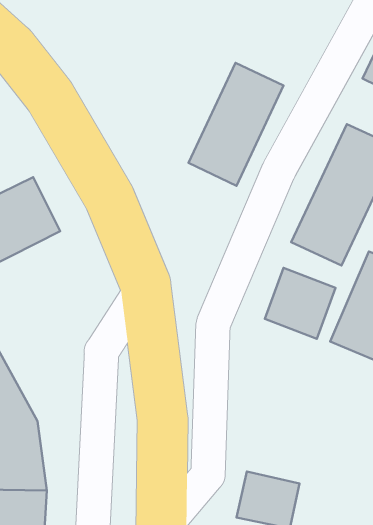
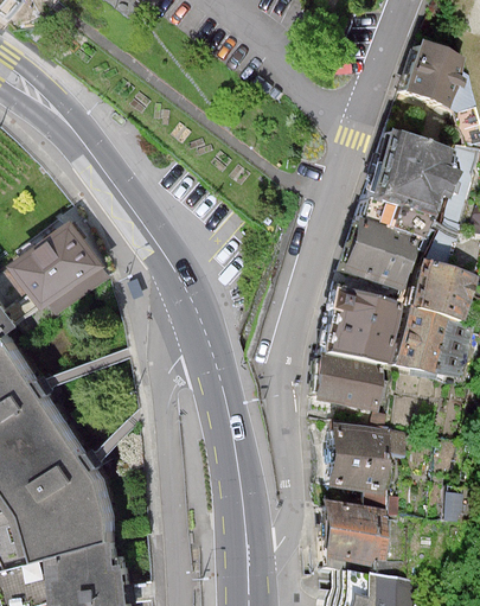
building: [188,63,284,186] -> none
building: none -> [316,358,380,408]
building: none -> [327,430,402,489]

